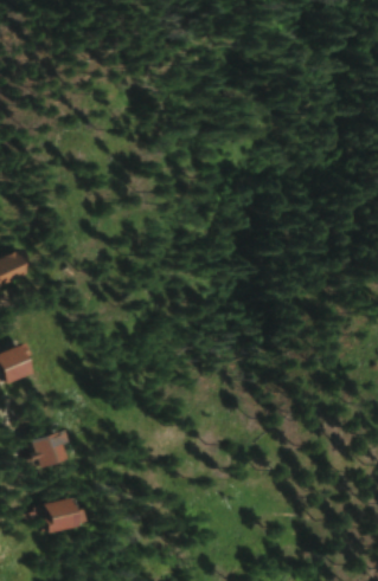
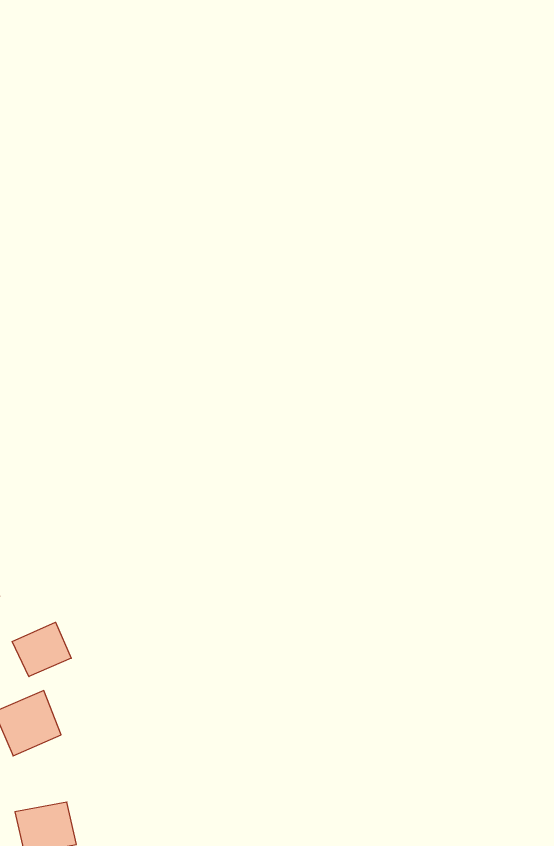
building: none -> [12,622,71,677]

